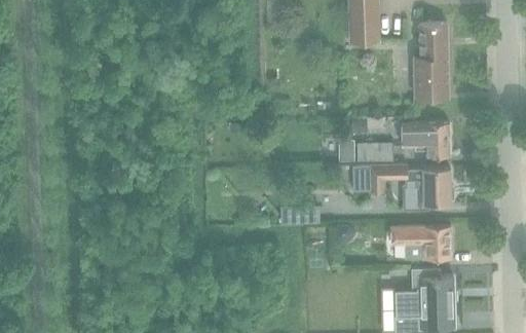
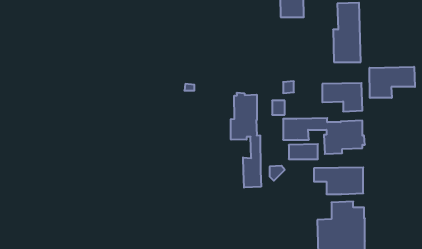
building: none -> [370,67,415,98]
building: none -> [231,93,261,188]
building: [356,143,392,161] -> [289,144,318,159]

